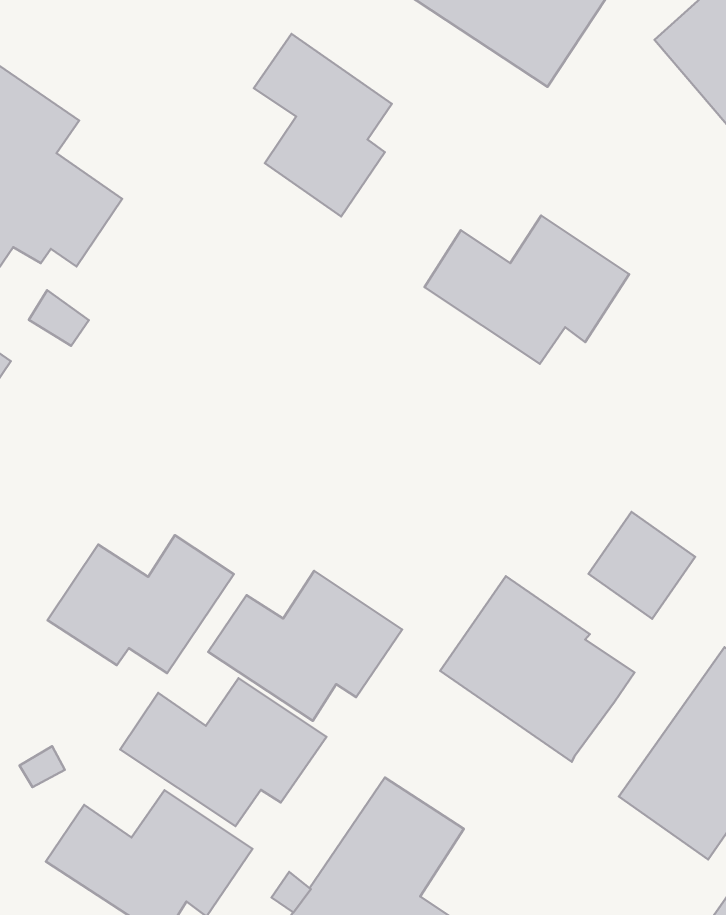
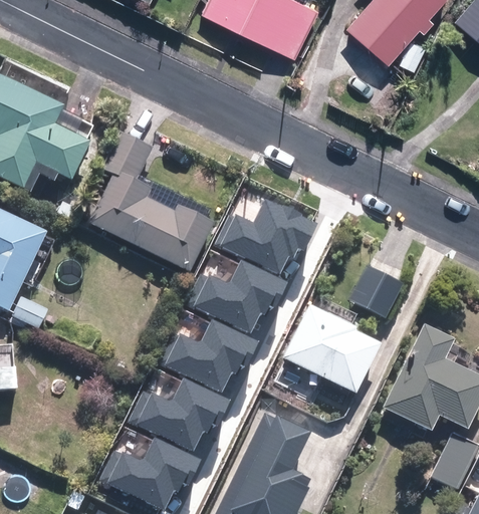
building: [254,34,392,216] -> none
building: none -> [88,132,215,273]
building: [424,216,629,364] -> [216,197,317,271]
building: none -> [186,257,288,331]
building: [47,535,234,673] -> none

